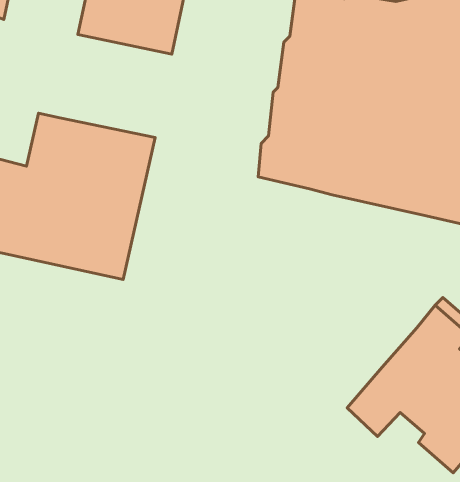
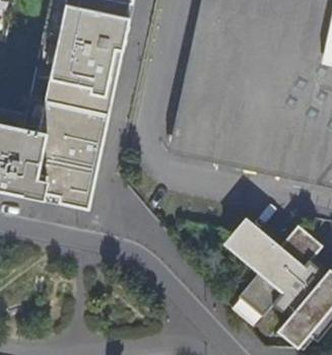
building: none -> [42,47,117,116]
building: none -> [222,213,281,270]

